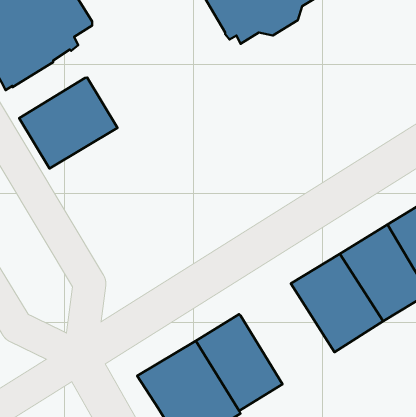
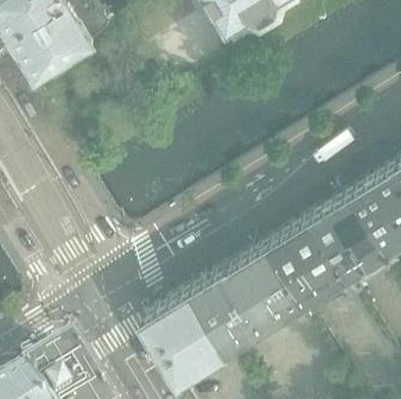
building: [19,77,118,168] -> none
building: none -> [230,246,310,331]

